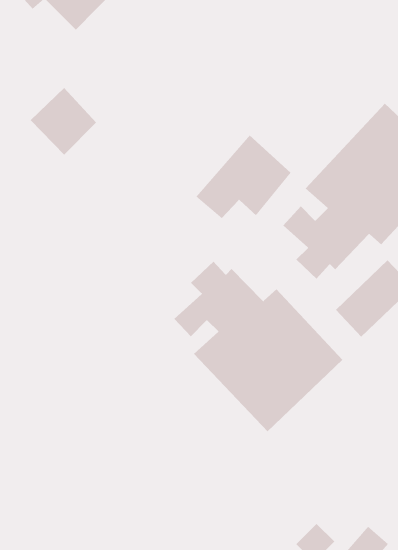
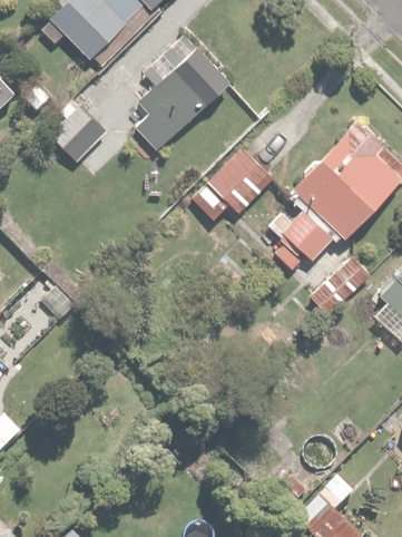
building: none -> [136,42,231,150]
building: [174,261,343,432] -> none

